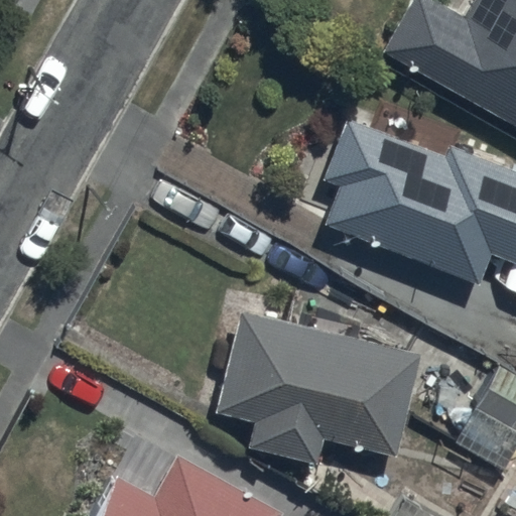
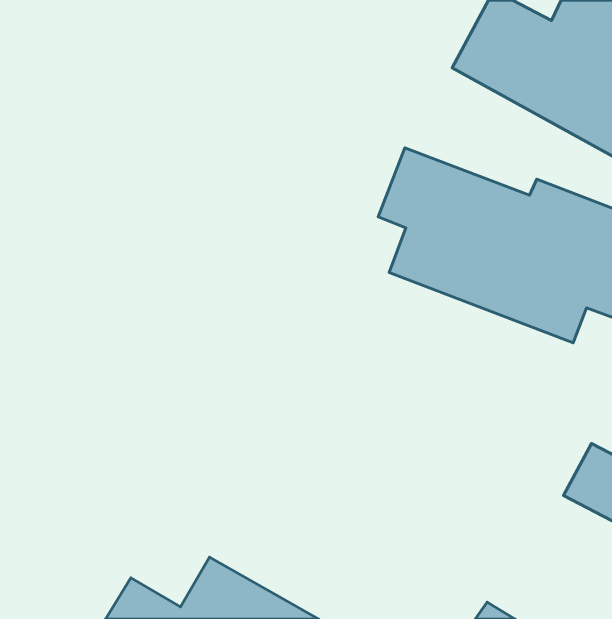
building: [218,311,423,461] -> none

